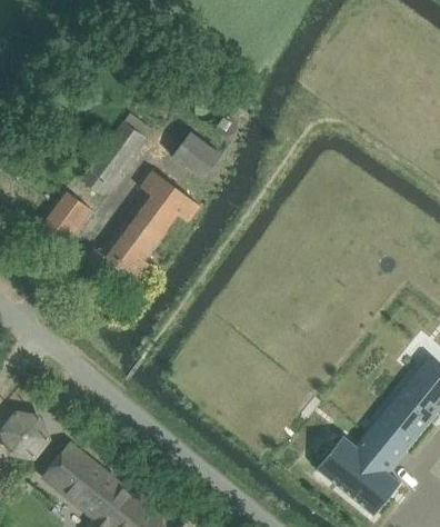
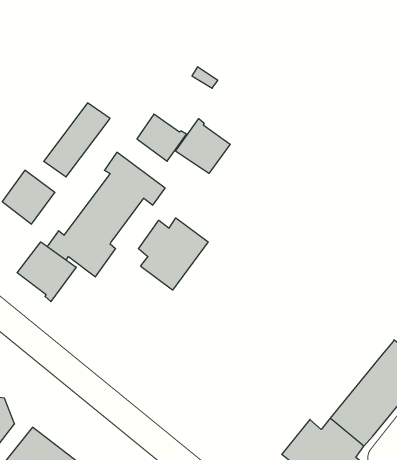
building: none -> [176,119,230,173]
building: none -> [138,218,208,290]
building: none -> [17,242,76,302]

